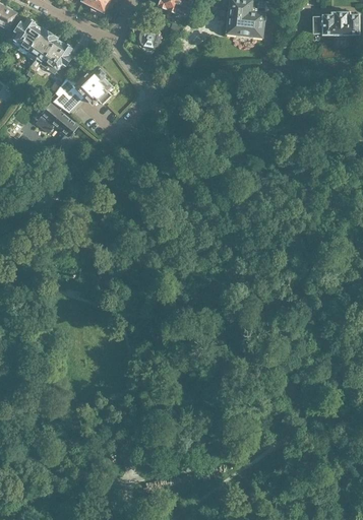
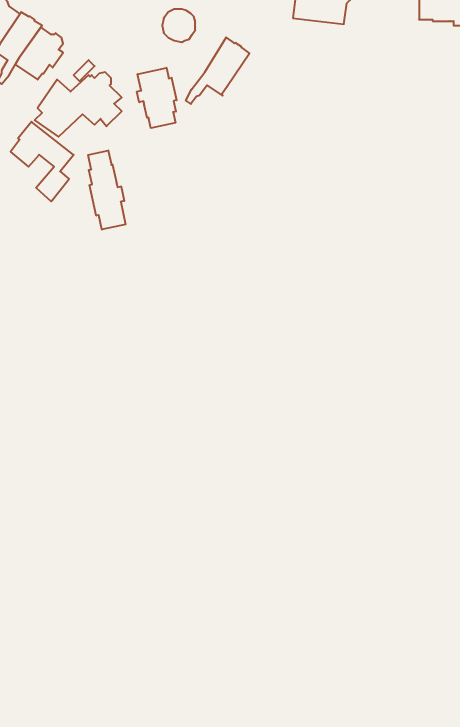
building: none -> [186,37,249,104]
building: none -> [137,68,177,128]
building: none -> [88,150,126,230]

